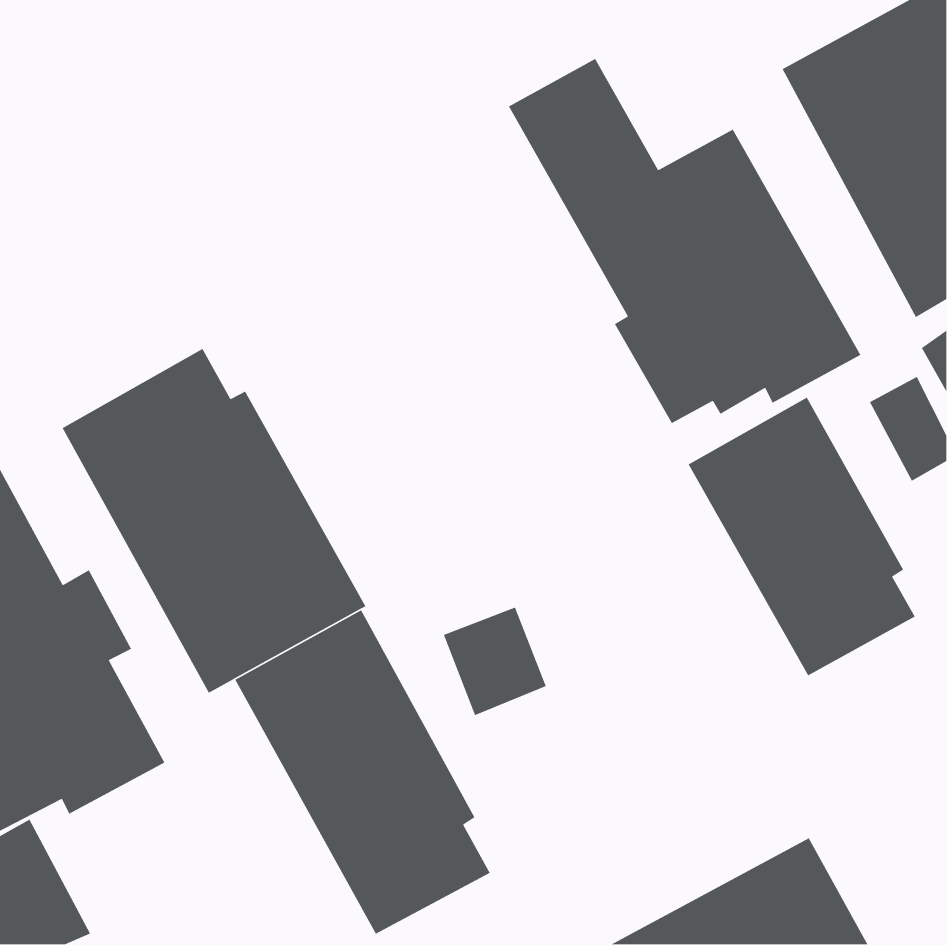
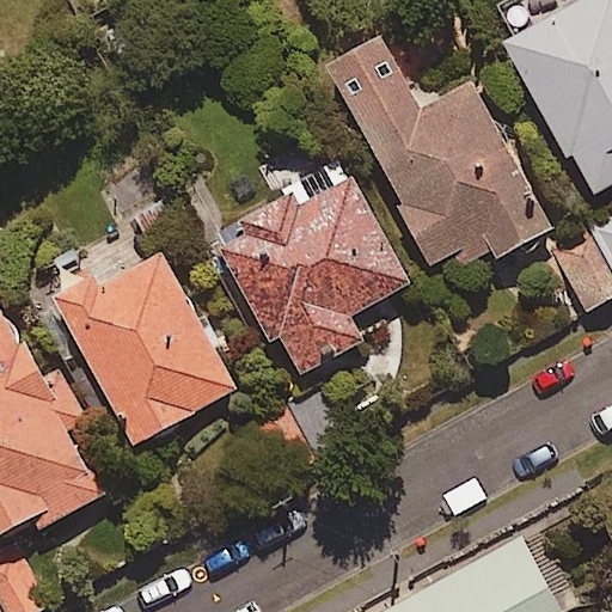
building: none -> [214,178,409,373]
building: [688,396,916,677] -> none
building: [234,609,491,935] -> none

